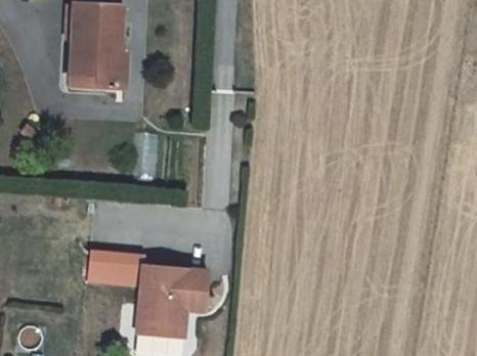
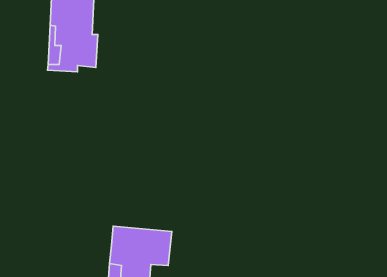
building: [87,248,144,286] -> none

